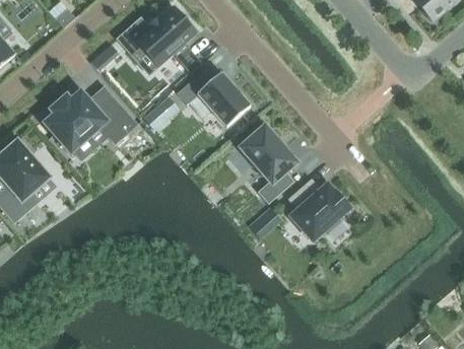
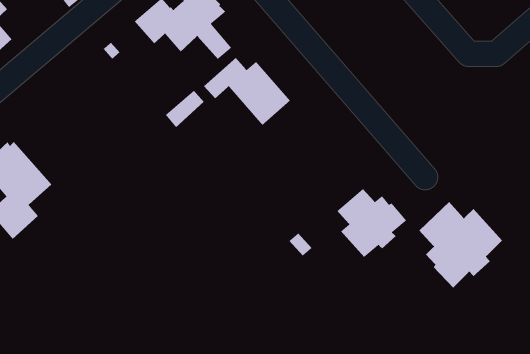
building: [48,86,138,150] -> none
building: [241,126,297,204] -> none
building: none -> [419,201,503,288]

